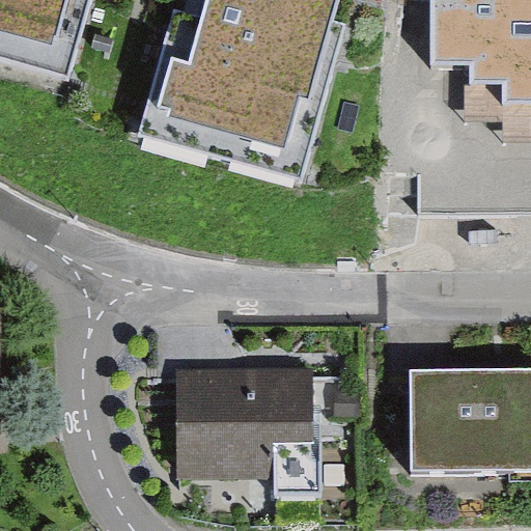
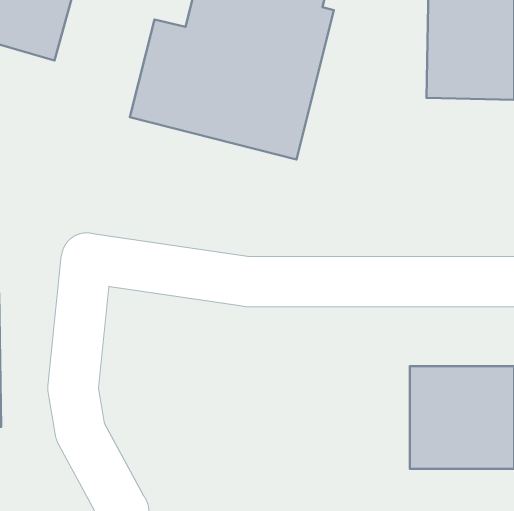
building: [178,365,327,472] -> none

